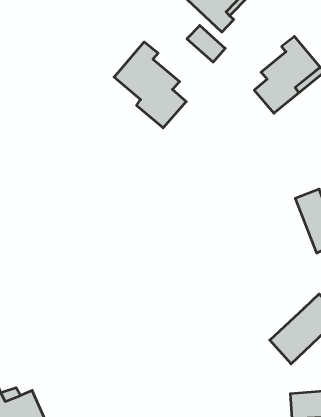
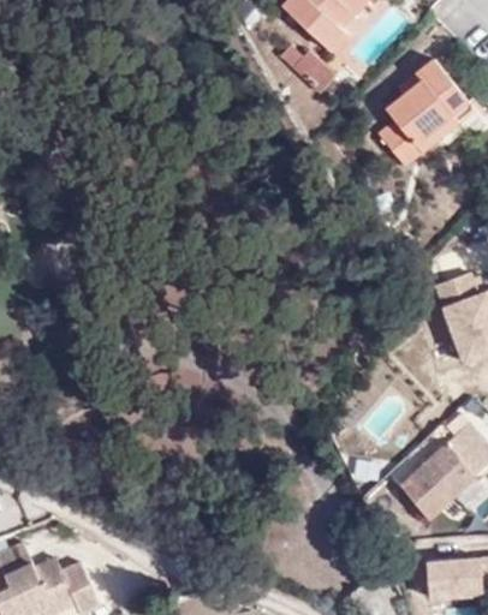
building: [114,42,186,128] -> none

